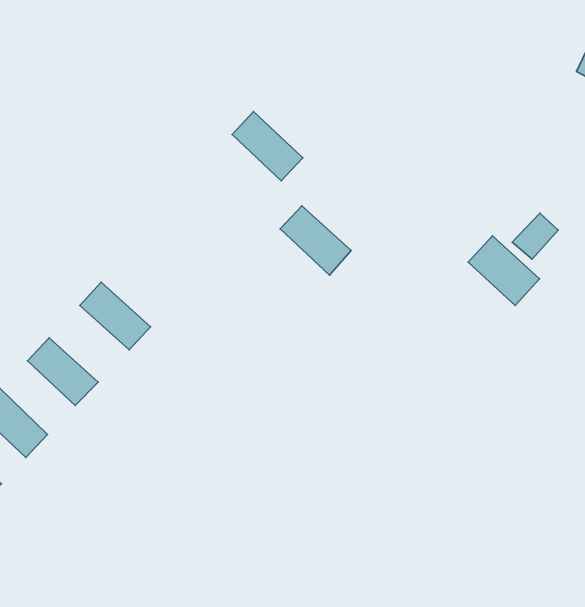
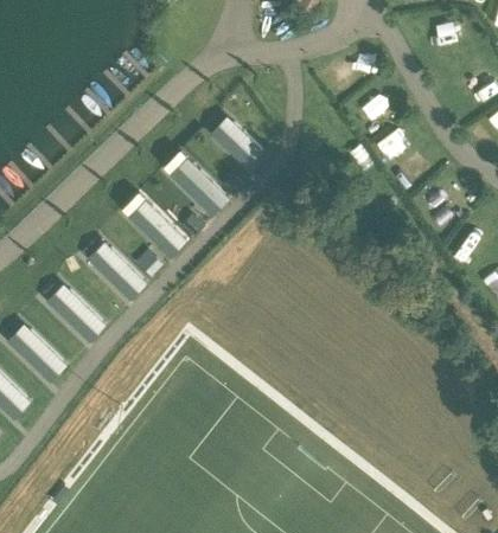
building: [280,206,351,275] -> [172,161,226,214]
building: none -> [130,201,184,253]
building: [468,236,540,305] -> none

